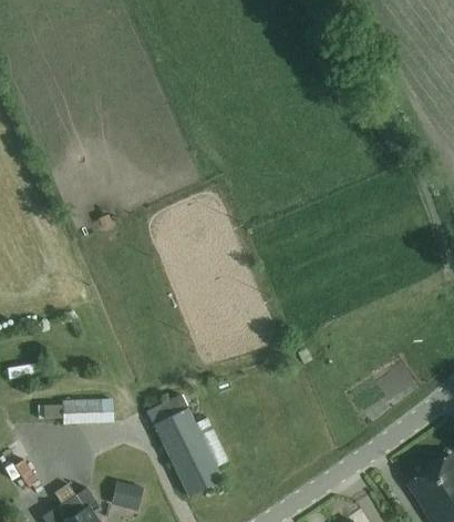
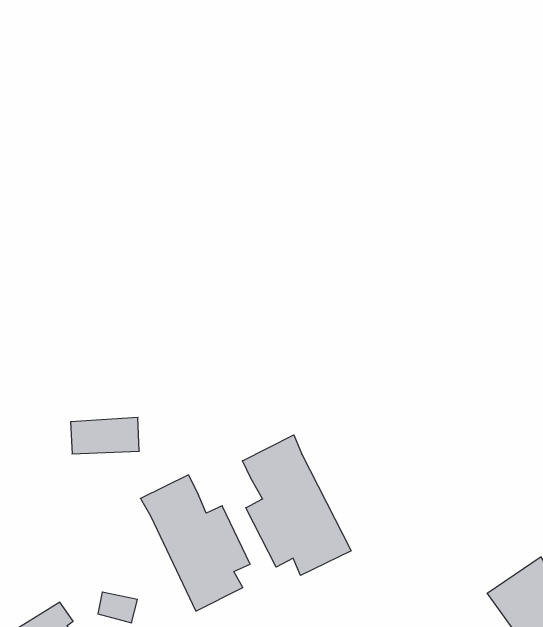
building: none -> [242,435,351,575]
building: [63,398,115,426] -> [71,417,139,454]

